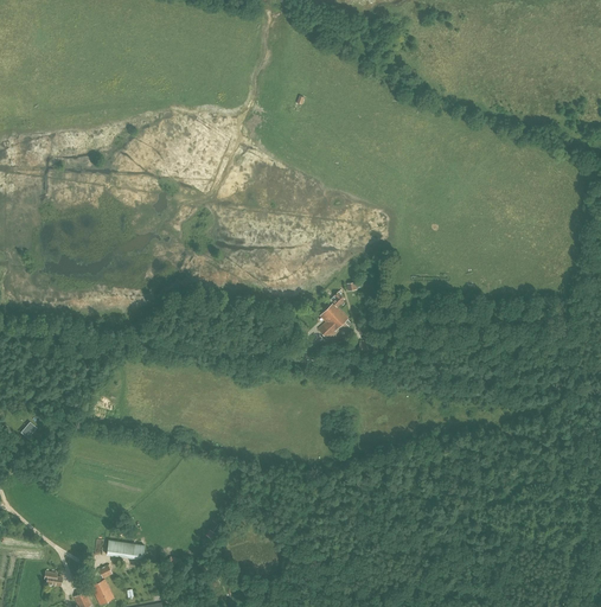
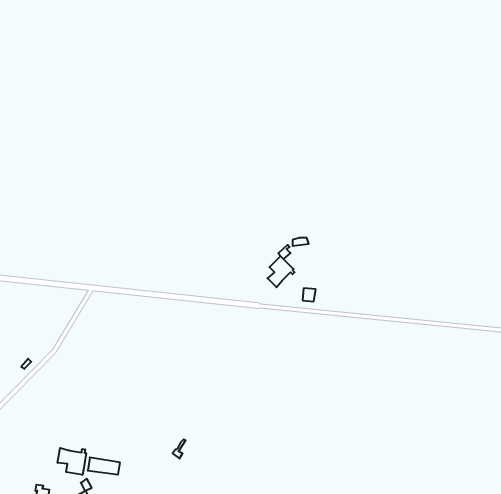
building: none -> [58,448,86,475]

